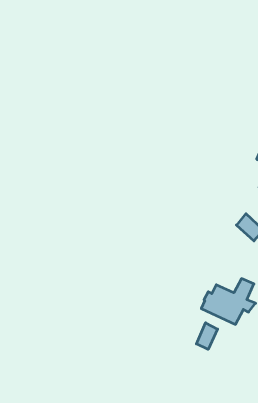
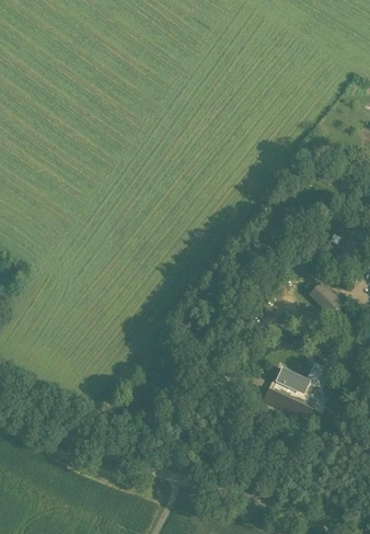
building: [196,323,218,349] -> none

